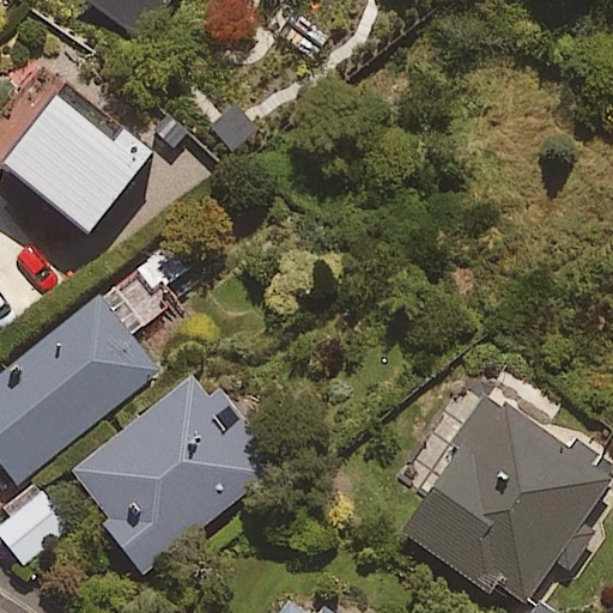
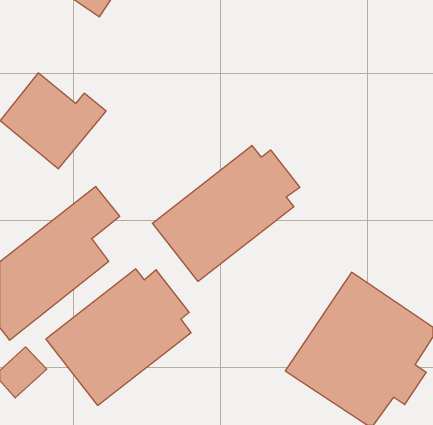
building: none -> [152,145,300,281]

